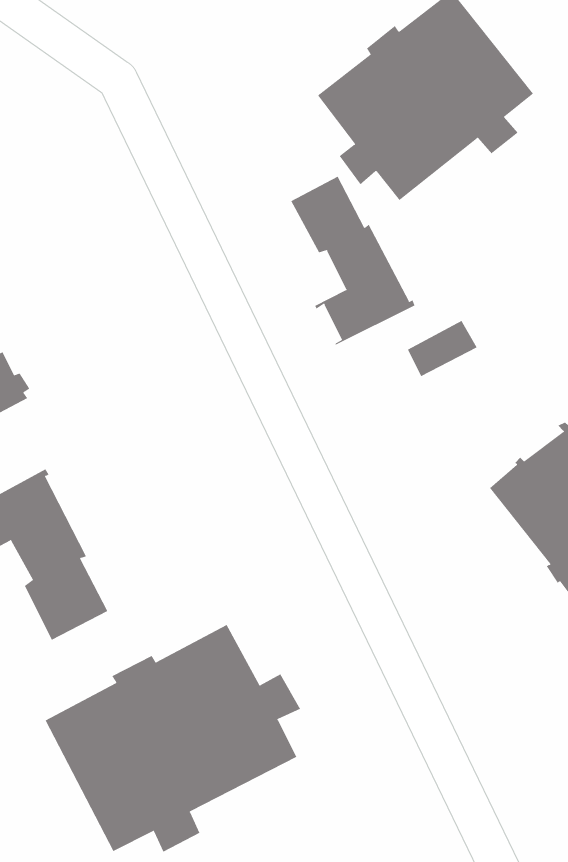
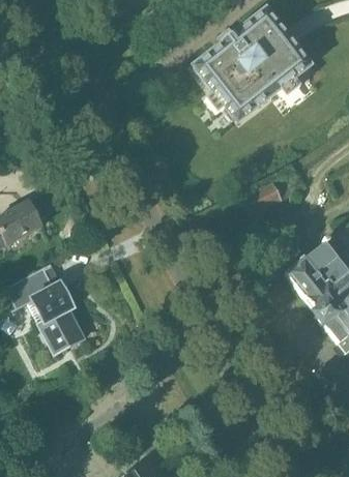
building: [291,176,415,346] -> none
building: [45,624,301,853] -> none

